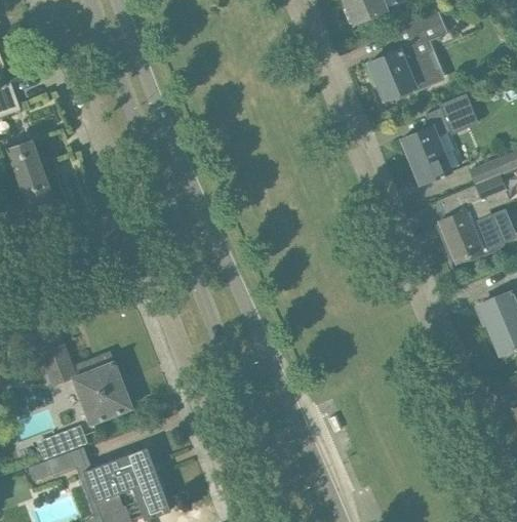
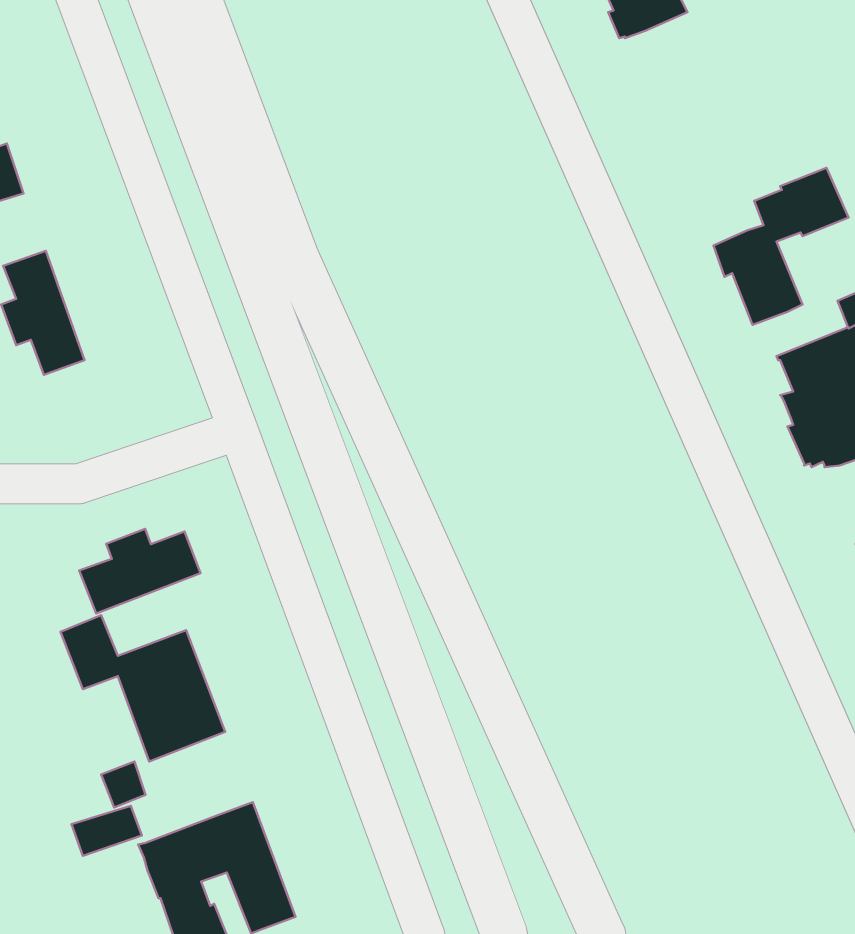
building: [369,11,441,96] -> none
building: none -> [79,529,200,613]

